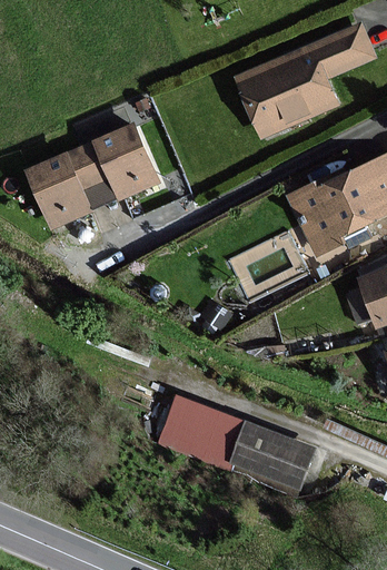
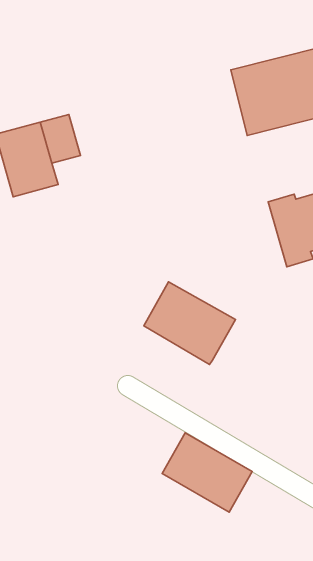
building: [91,124,157,198] -> none
building: [160,396,245,468] -> [144,282,236,364]

